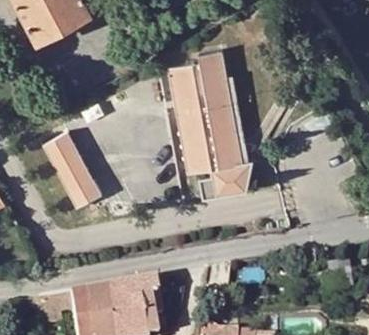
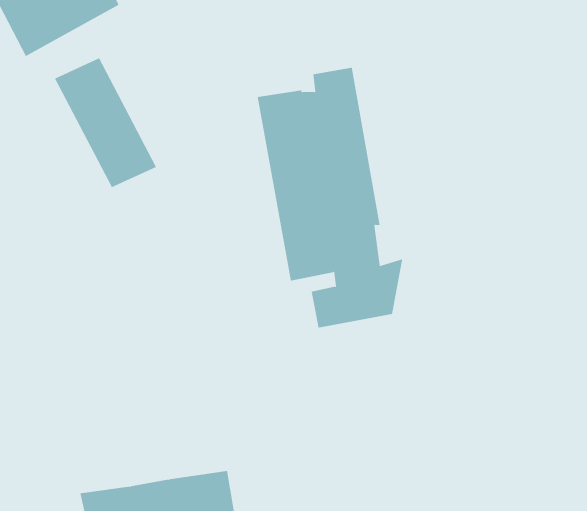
building: [44,131,103,206] -> [54,58,157,188]

